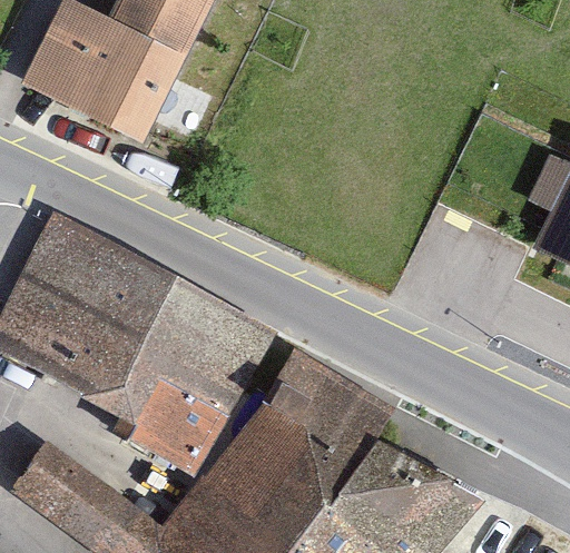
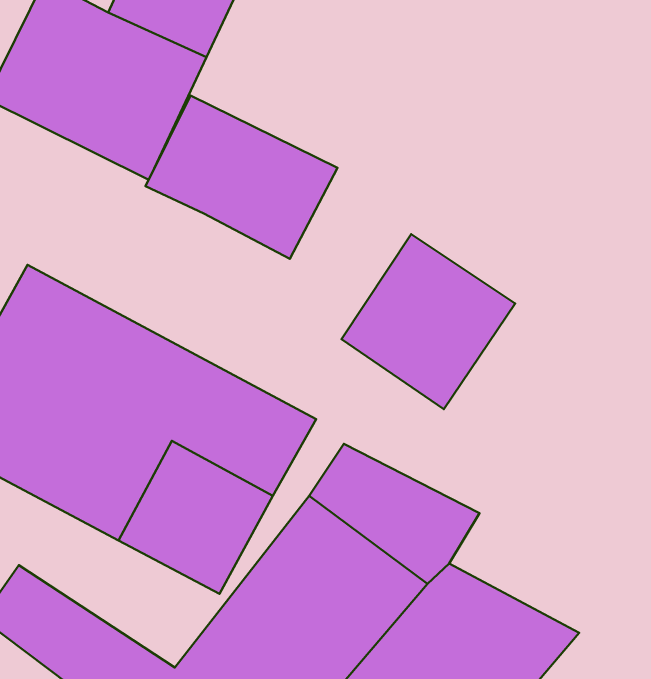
building: none -> [146,96,337,259]
building: none -> [341,234,515,409]

